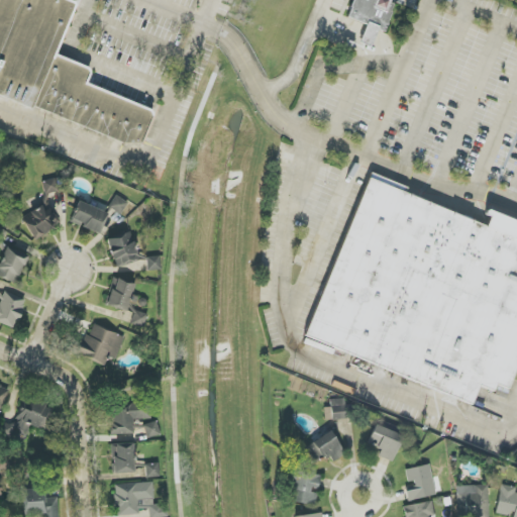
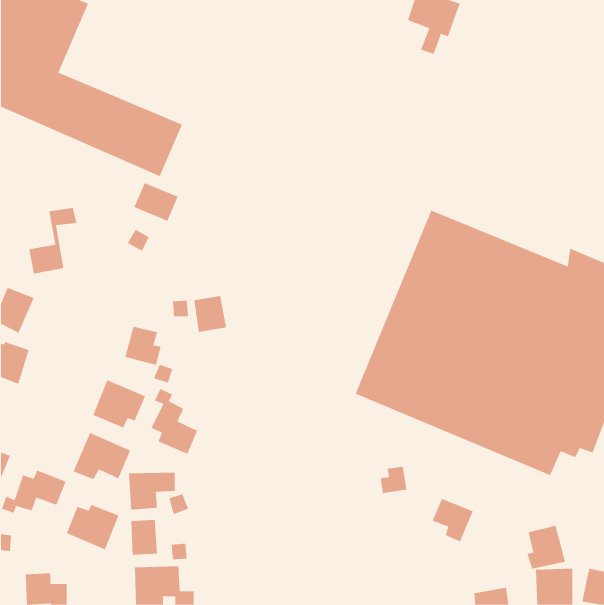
building: [72,200,110,233] -> [133,182,178,222]
building: [111,233,139,265] -> [193,296,227,332]
building: none -> [151,388,198,454]
building: none -> [73,432,131,480]
building: none -> [66,504,119,550]
building: [307,431,342,460] -> none
building: [406,462,439,500] -> [527,525,566,569]
building: [289,469,323,504] -> none

